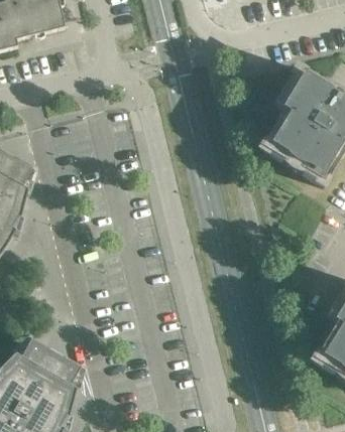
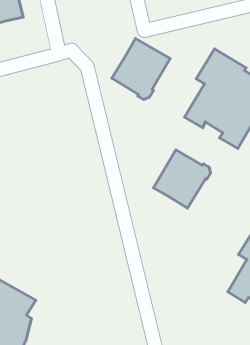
building: none -> [112,38,170,99]
building: none -> [154,150,211,208]

